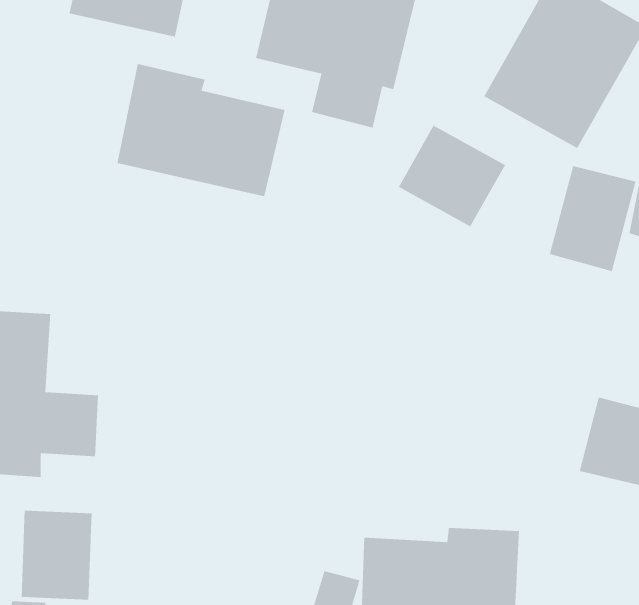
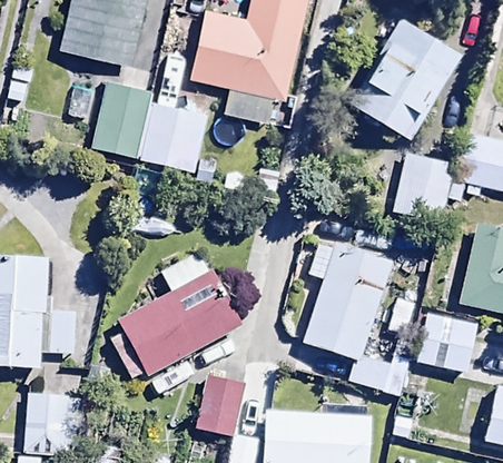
building: [398,124,506,228] -> none
building: none -> [300,243,415,400]
building: none -> [111,252,241,380]
building: none -> [196,374,245,437]

